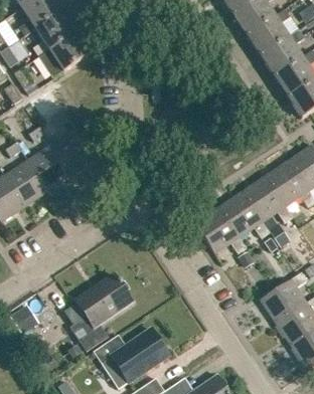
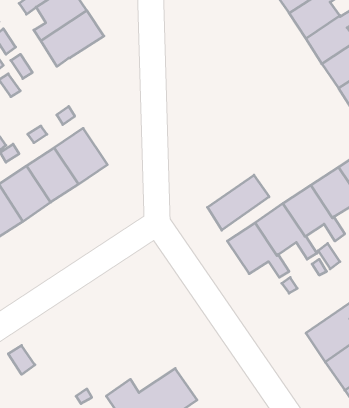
building: none -> [207,175,269,230]
building: [70,273,132,350] -> none

